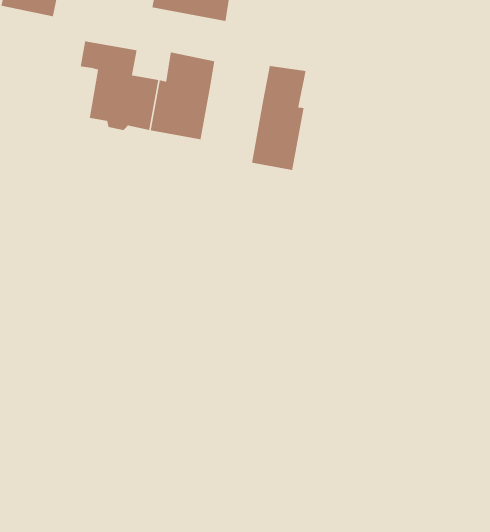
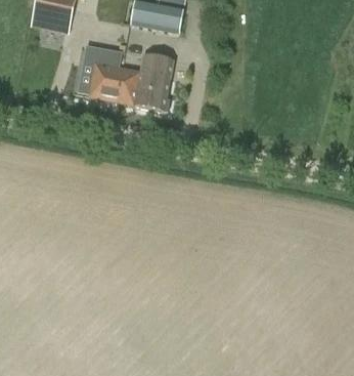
building: [251,65,306,171] -> none

